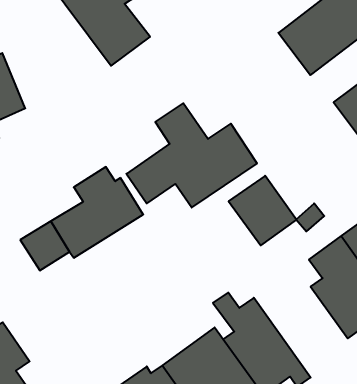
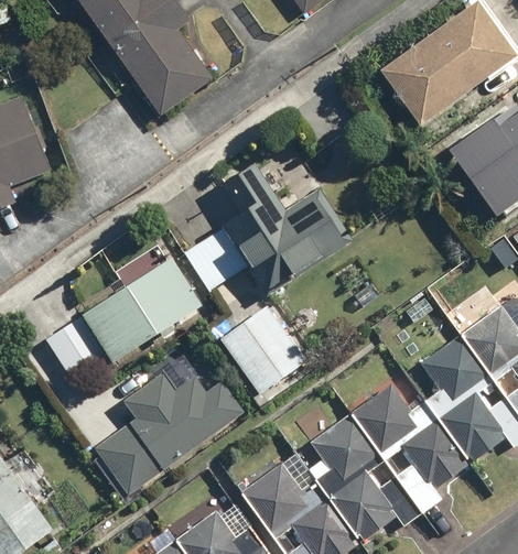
building: [229,176,296,245] -> [219,304,307,394]
building: none -> [91,369,245,497]
building: none -> [347,373,470,517]

